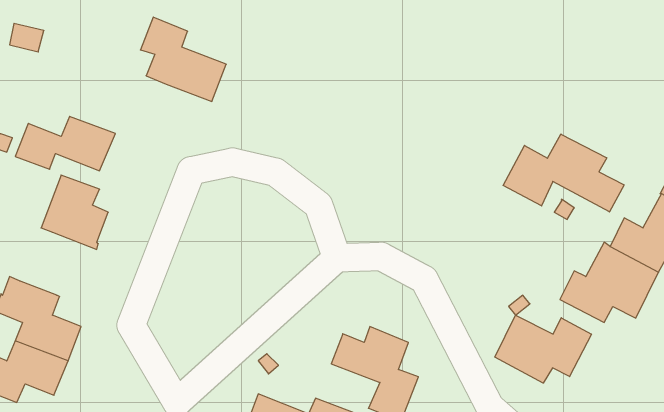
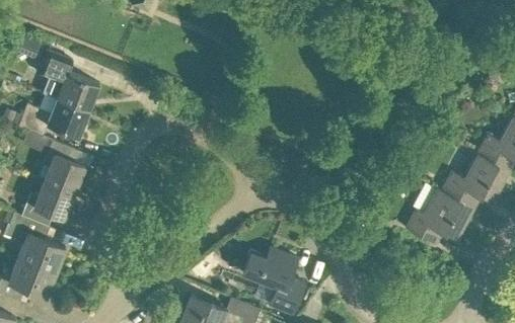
building: [140,17,226,101] -> [39,52,99,111]
building: [503,134,624,212] -> none
building: none -> [21,181,76,226]
building: [495,315,591,383] -> none

